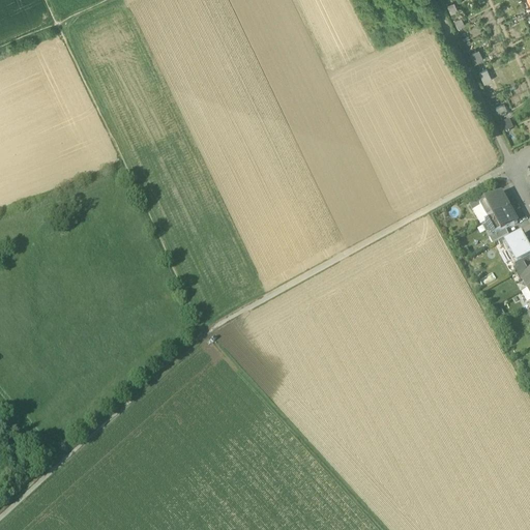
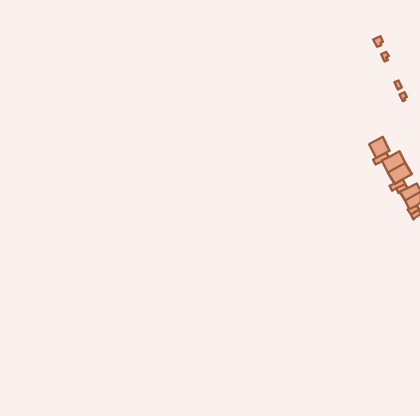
building: none -> [369,137,389,158]

